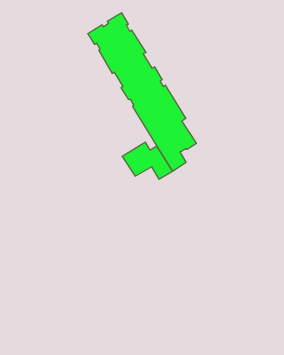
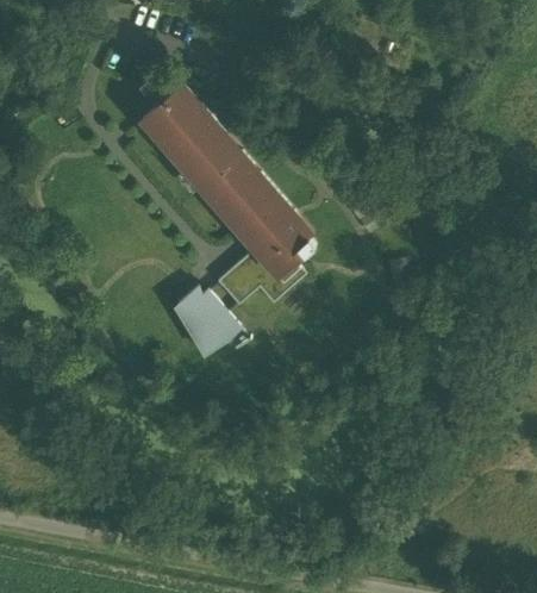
building: none -> [175,285,249,354]

